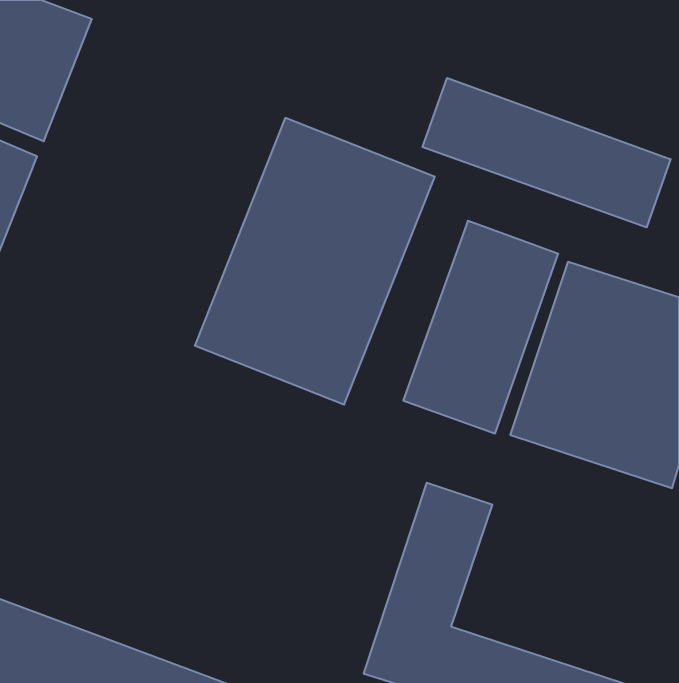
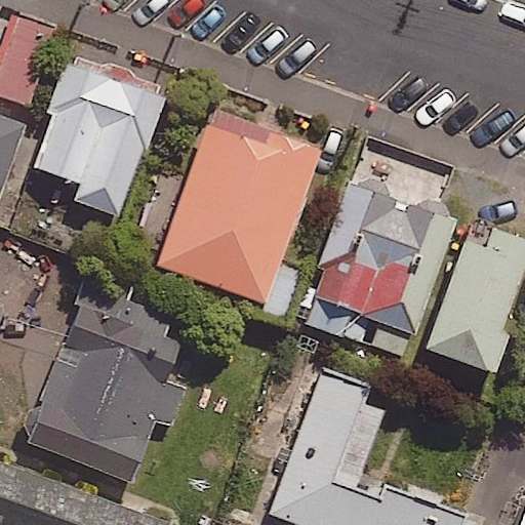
building: none -> [27,53,163,211]
building: [422,78,671,227] -> none
building: none -> [32,312,188,479]

